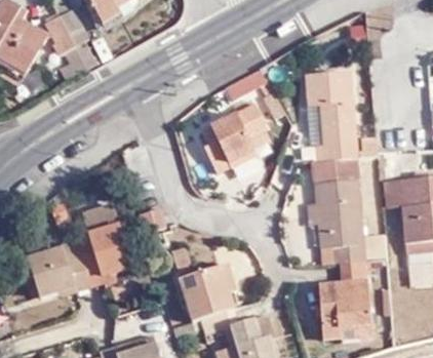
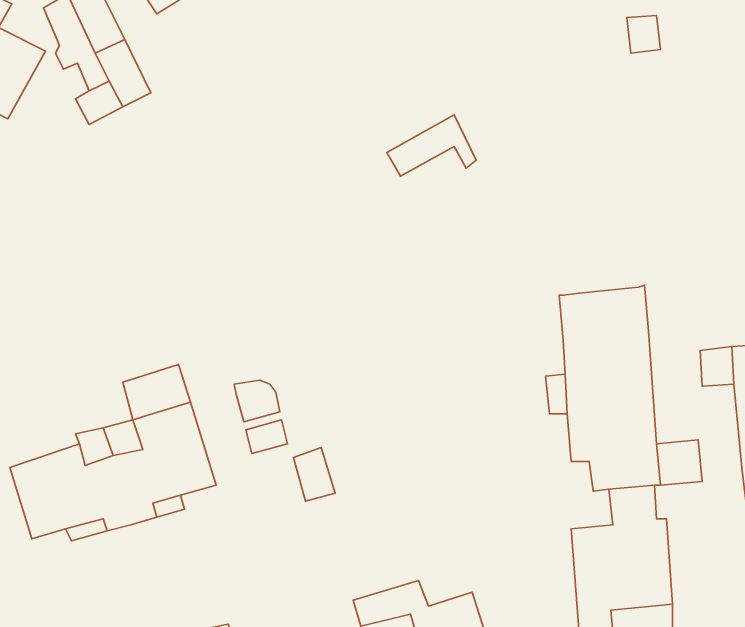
building: [301,75,376,166] -> none
building: [202,112,264,177] -> none
building: [186,268,242,327] -> none

